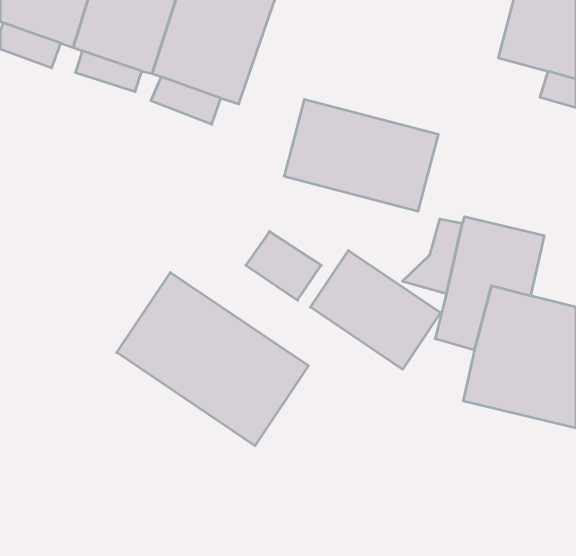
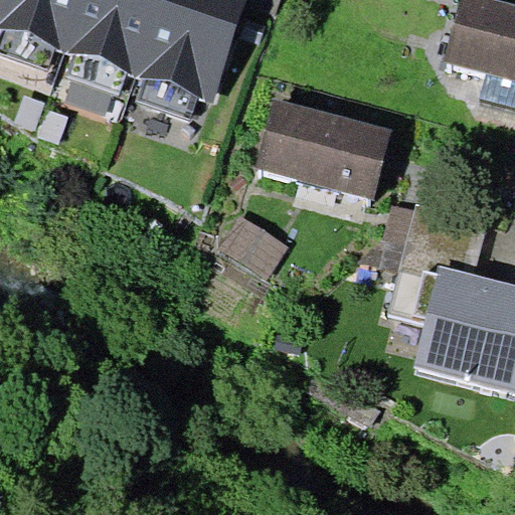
building: [310,250,441,369] -> none
building: [117,272,308,446] -> none

